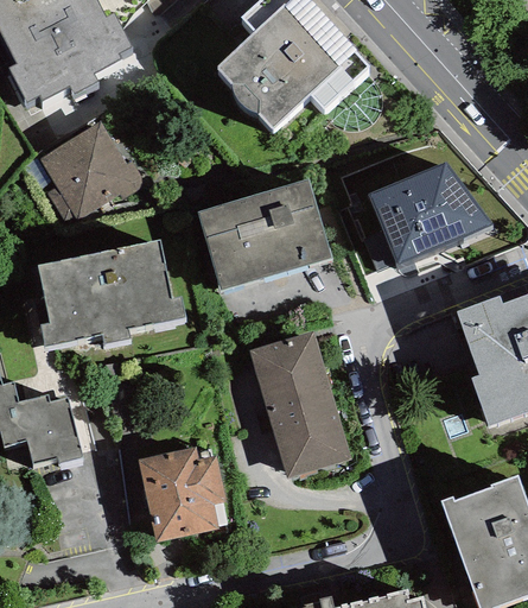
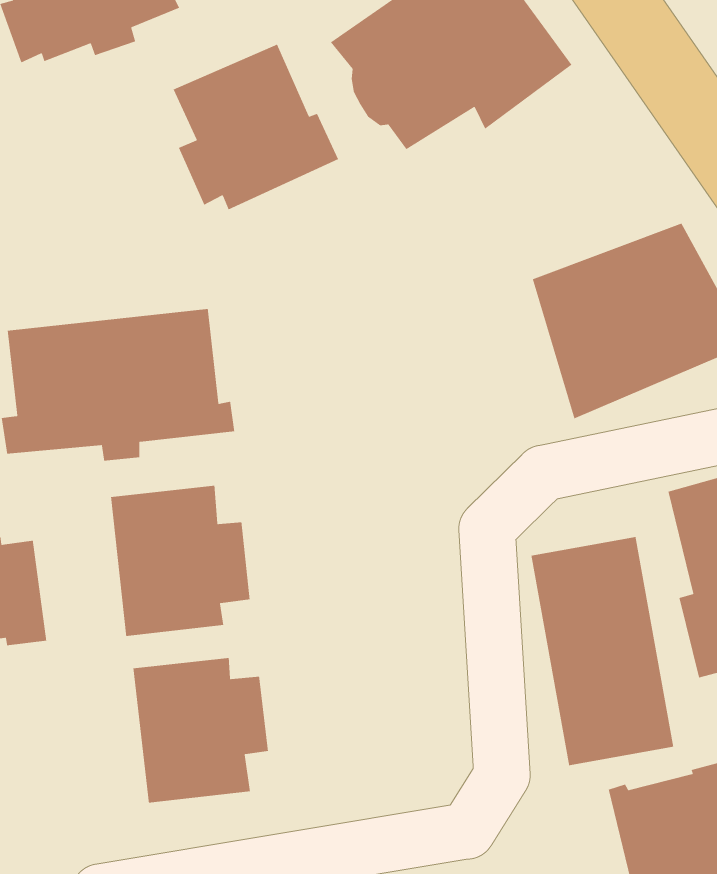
building: [38,125,146,232] -> [173,43,339,210]
building: [198,177,330,289] -> none
building: [249,336,351,483] -> [531,536,674,766]
building: none -> [110,485,250,637]

